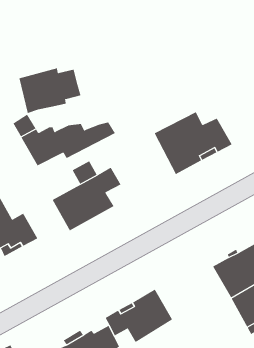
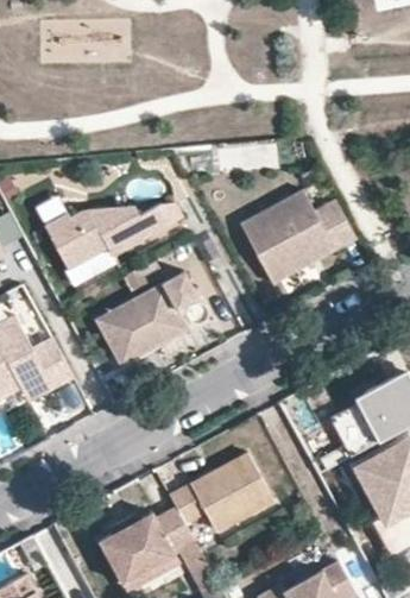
building: [19,67,81,114] -> none

